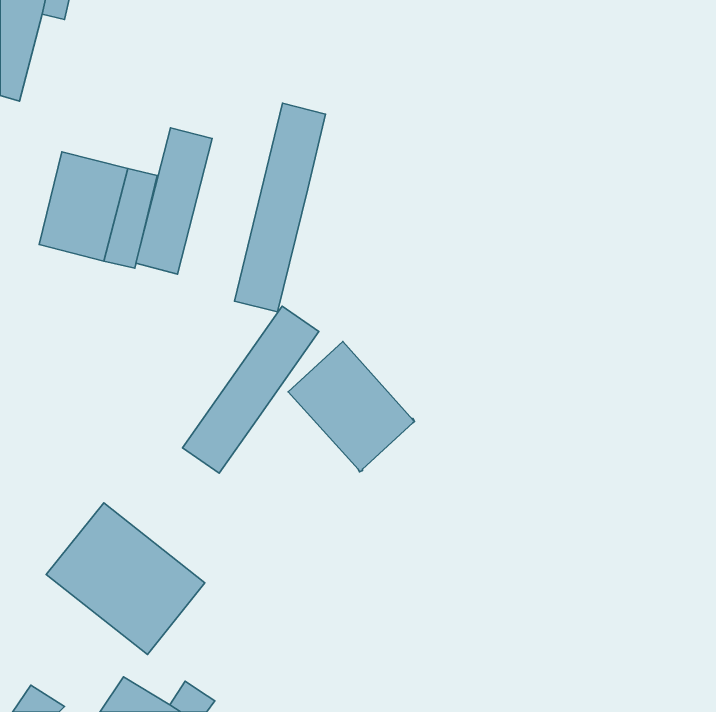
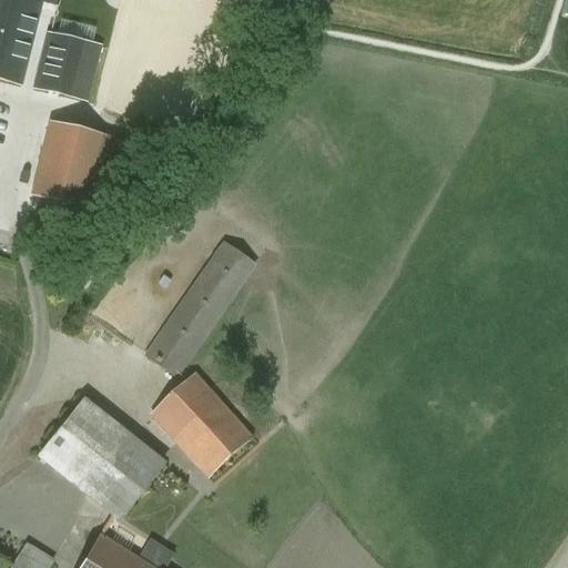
building: none -> [37,33,100,97]
building: [235,103,326,312] -> none
building: [136,128,212,274] -> none
building: [288,341,414,472] -> [151,372,251,475]

